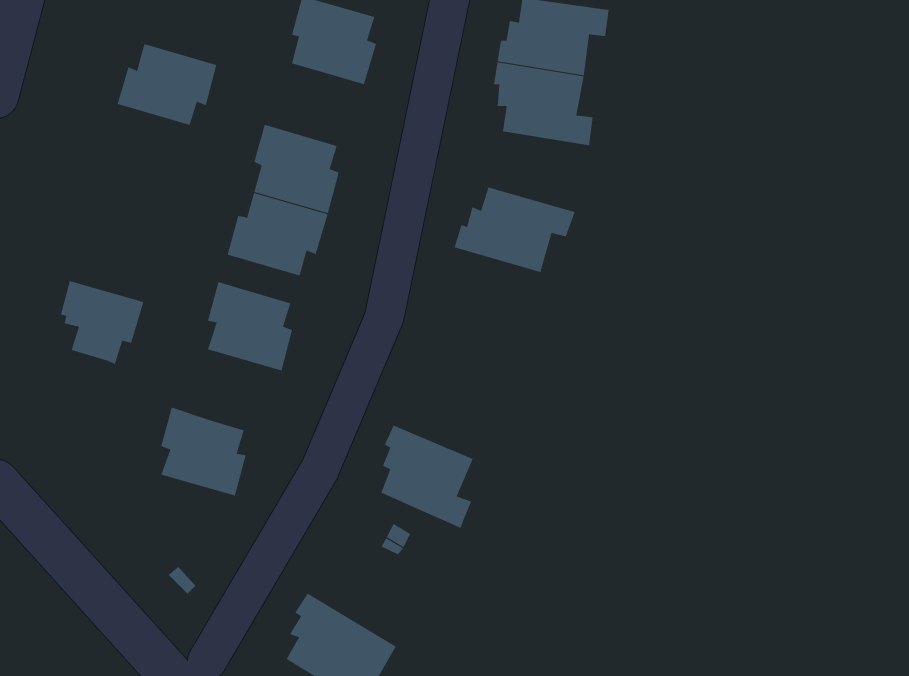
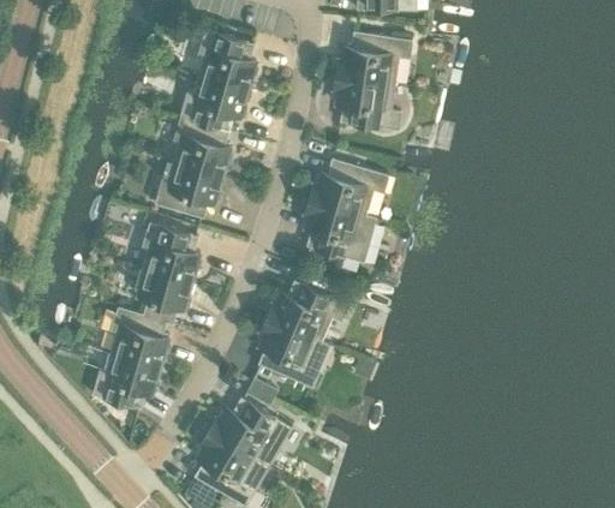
building: [117,43,217,126] -> [180,76,247,131]
building: none -> [304,199,376,262]
building: [60,280,144,365] -> [136,268,192,324]
building: none -> [267,280,348,341]
building: none -> [92,352,161,408]
building: none -> [209,398,292,467]

